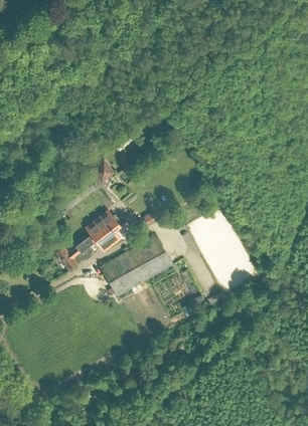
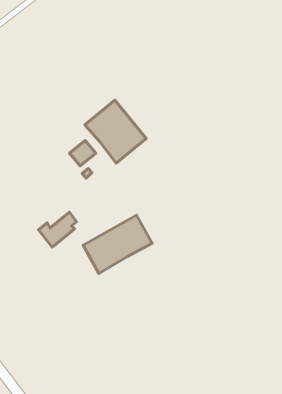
building: none -> [85,100,146,163]
building: [86,210,120,252] -> none

